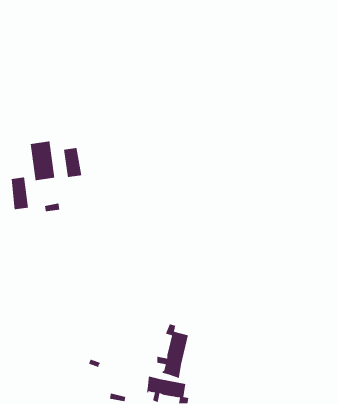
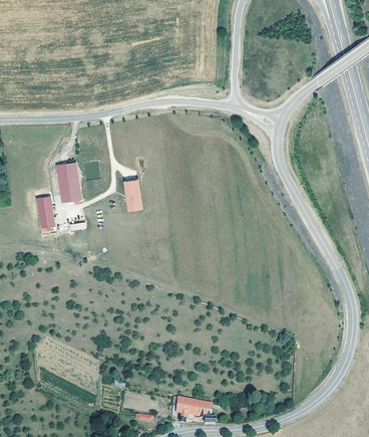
building: [63,148,82,178] -> [123,180,142,210]
building: [156,324,188,379] -> none

